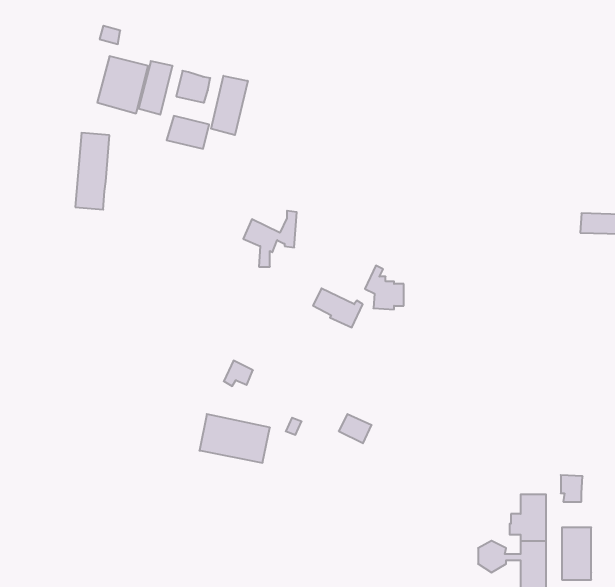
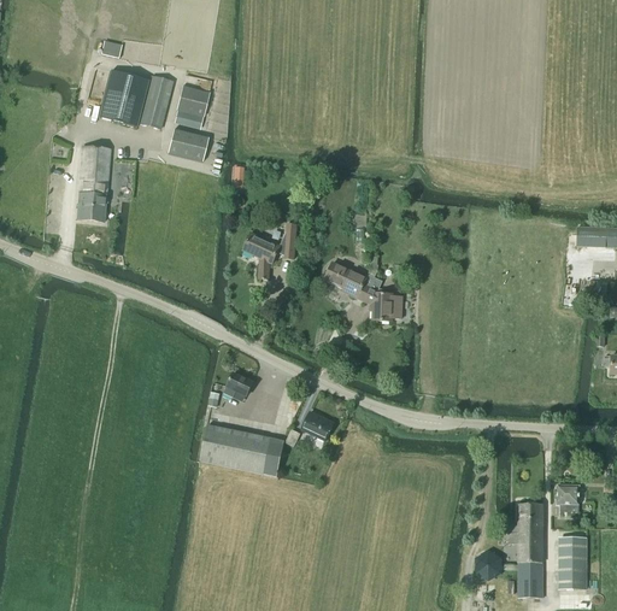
building: [211,76,248,135] -> none
building: [313,288,363,327] -> [324,262,374,300]
building: [339,414,372,443] -> [301,411,334,440]

